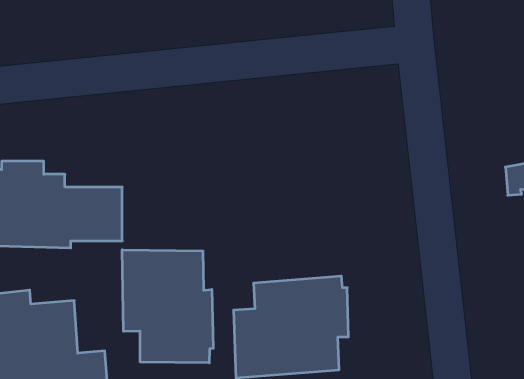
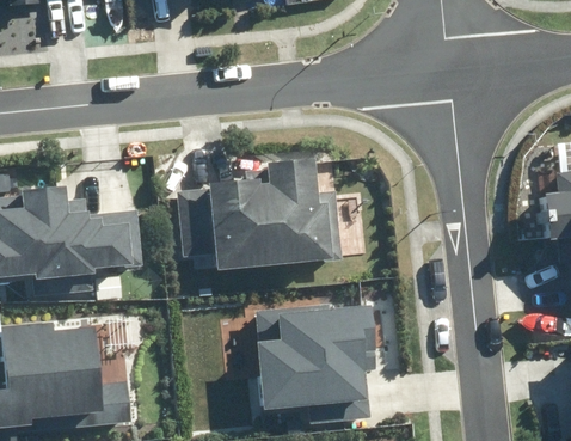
building: none -> [192,160,362,269]
building: [122,250,213,363] -> none

